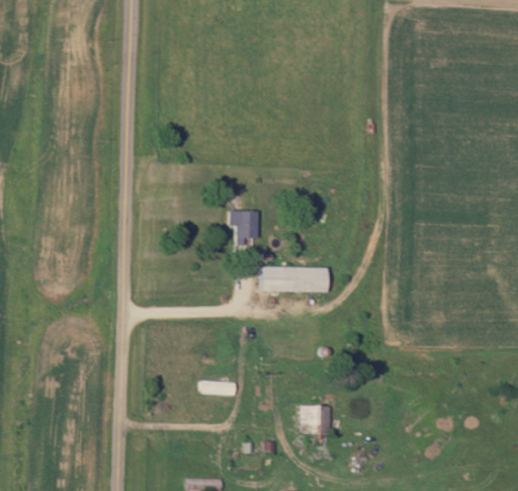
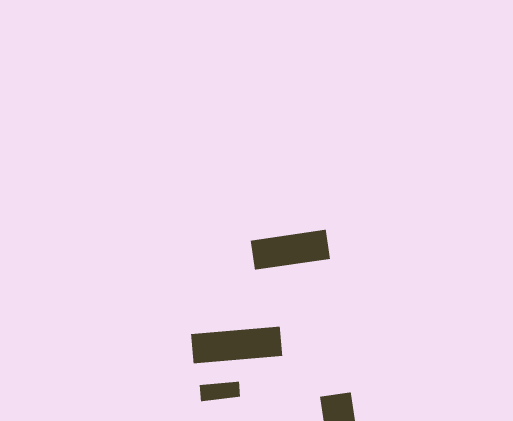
building: [236,210,258,237] -> none
building: none -> [191,326,283,364]

